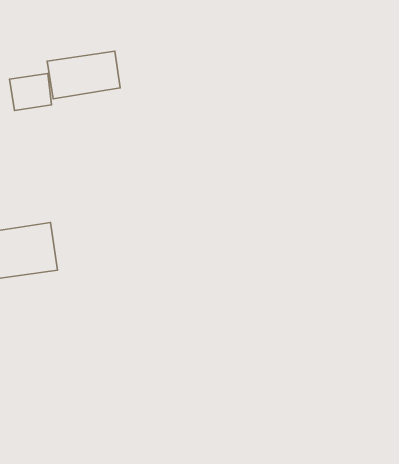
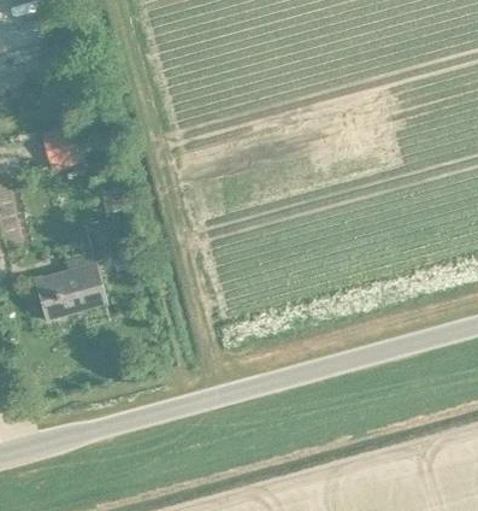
building: [47,51,120,99] -> none

